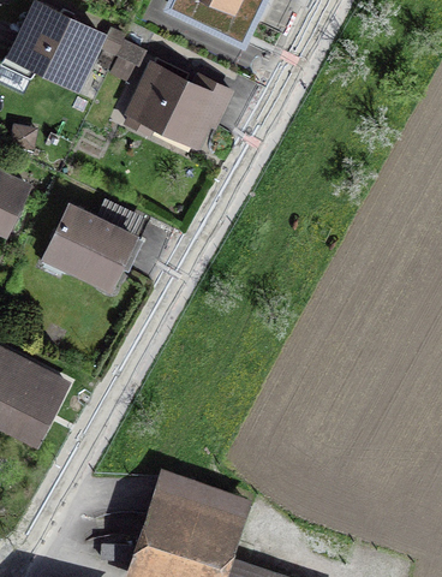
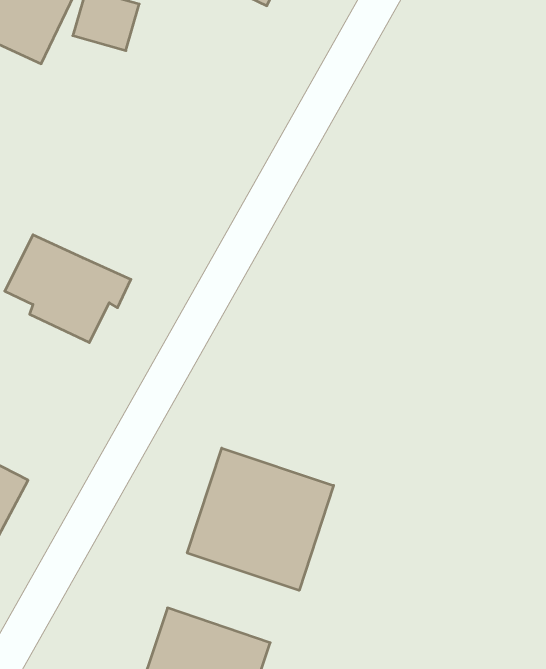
building: [126,66,229,142] -> none
building: none -> [187,448,334,590]

